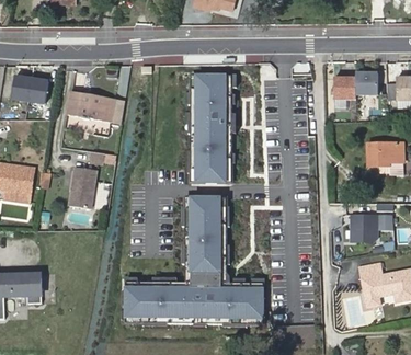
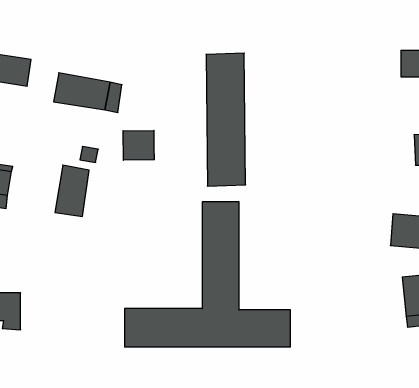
building: [334,77,356,99] -> none
building: none -> [123,130,154,160]

